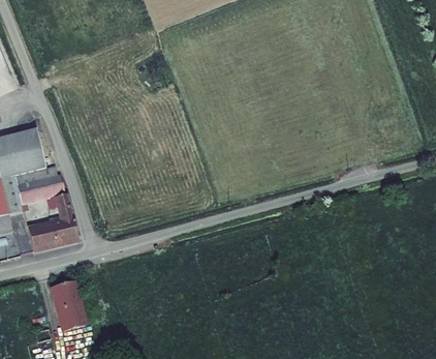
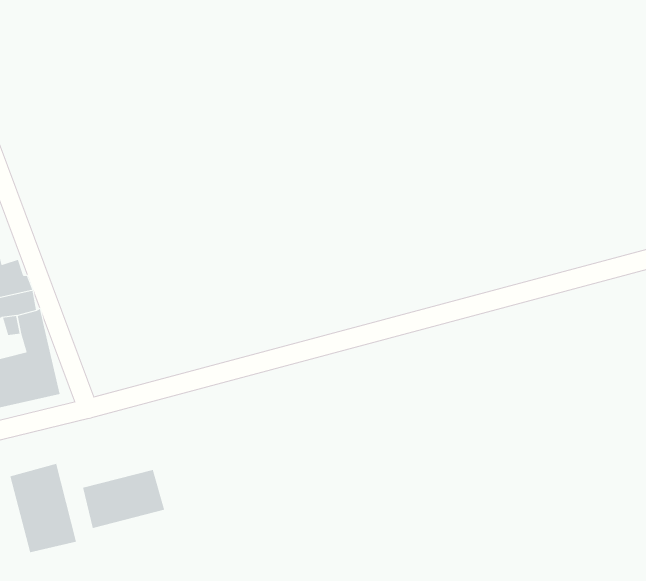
building: none -> [82,469,165,529]

